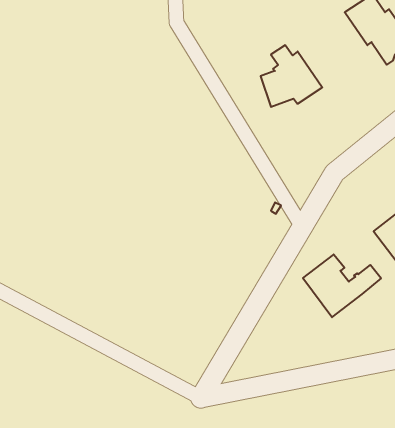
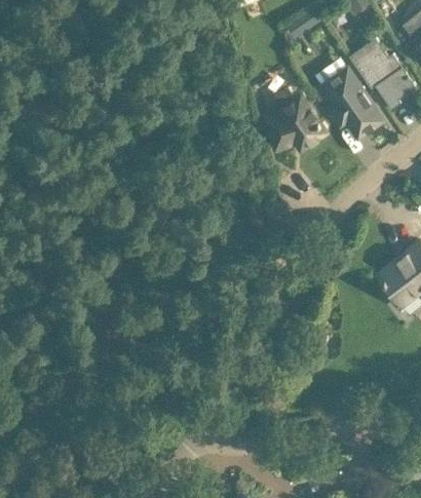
building: none -> [322,69,383,138]
building: [303,254,381,317] -> none

